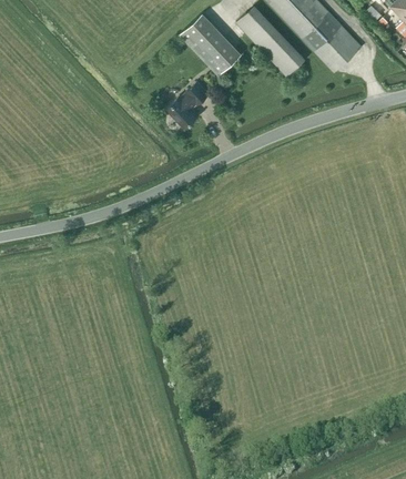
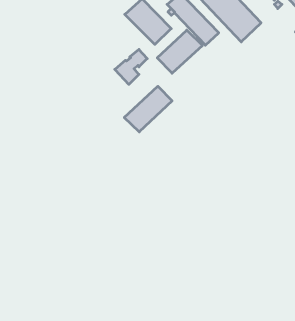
building: none -> [157,30,202,73]
building: none -> [124,86,172,132]

